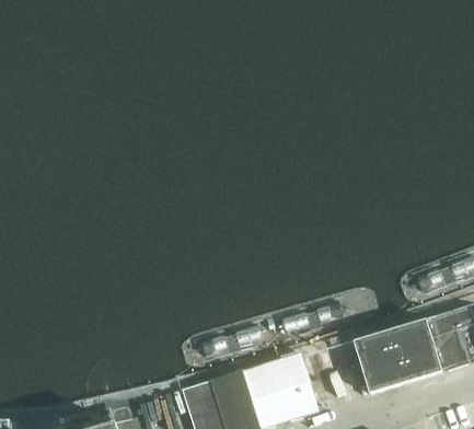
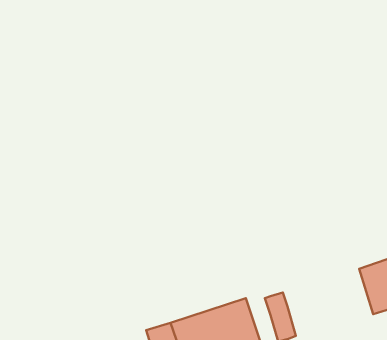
building: [354,318,446,392] -> none

